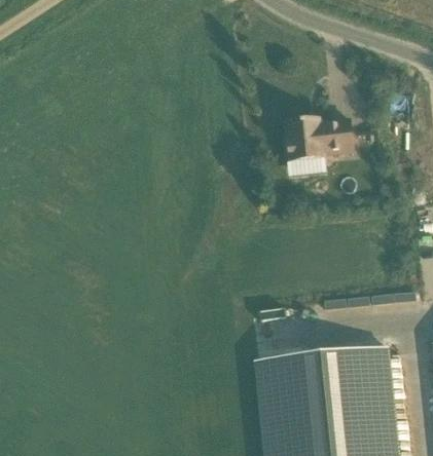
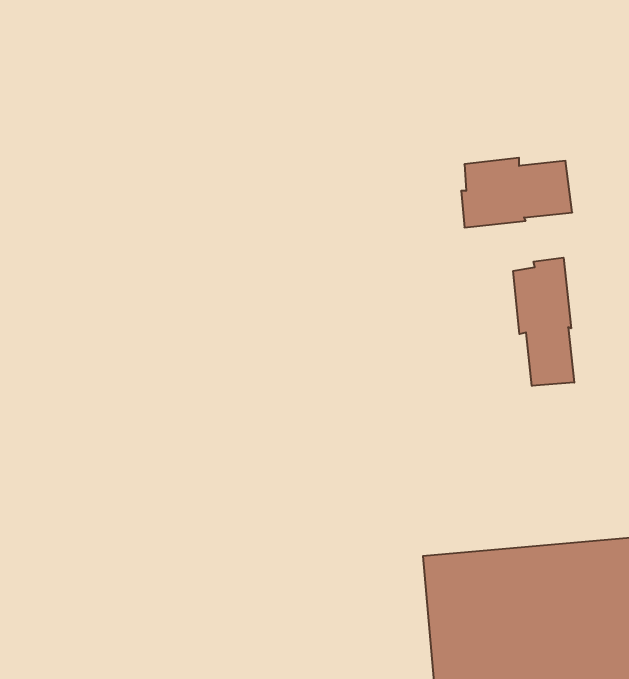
building: none -> [513,258,574,386]

